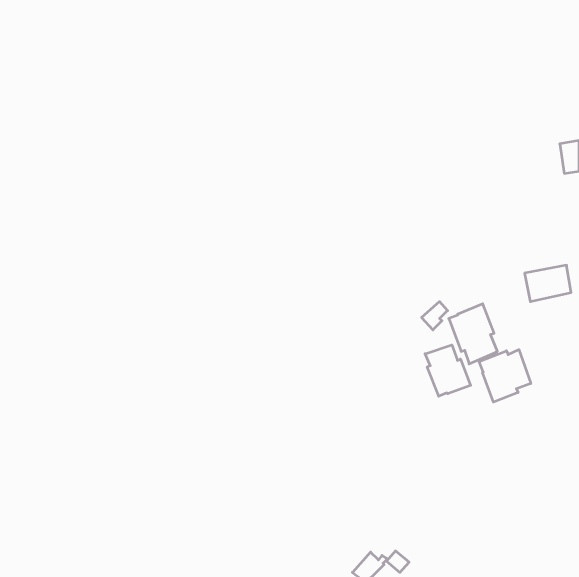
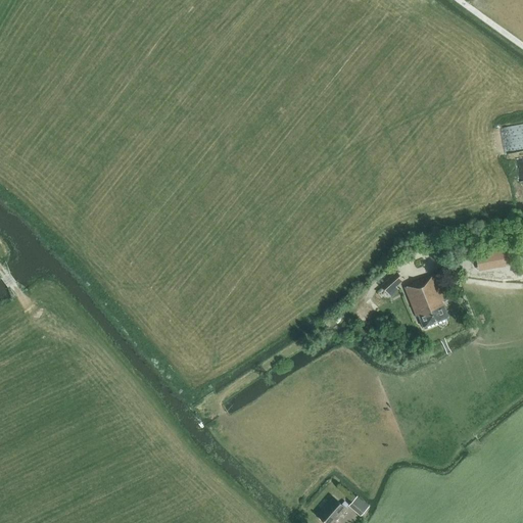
building: [425,345,471,396] -> none
building: [479,350,531,402] -> none

